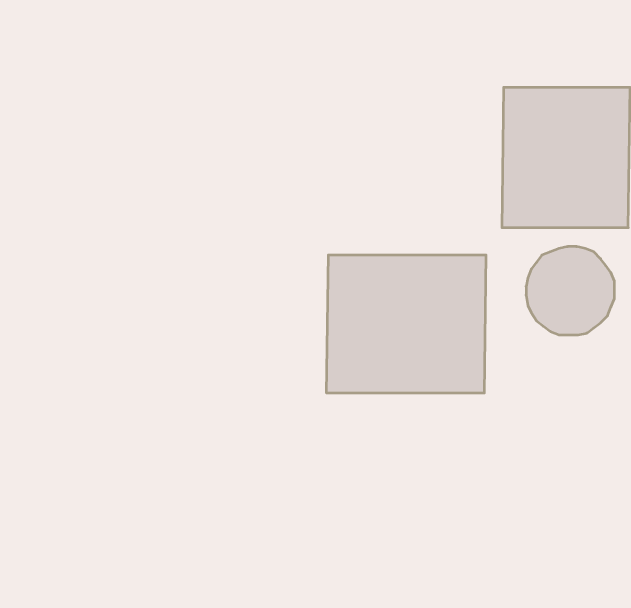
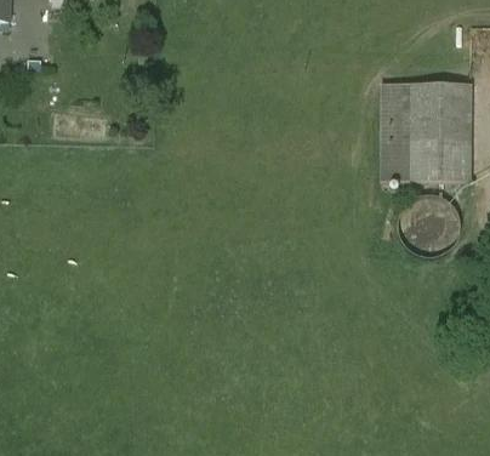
building: [327,255,486,393] -> none

